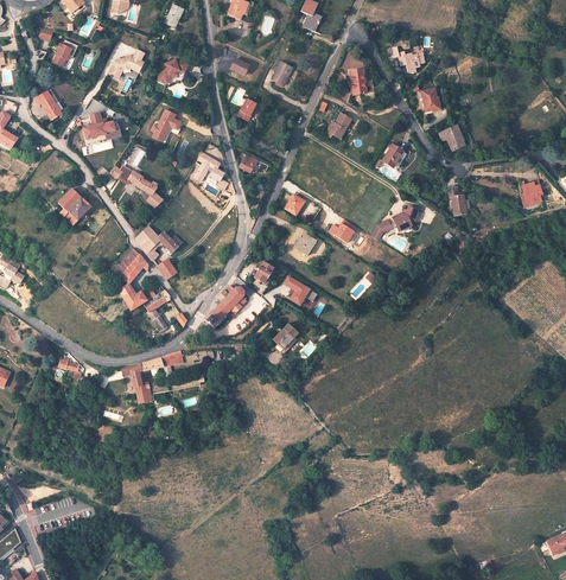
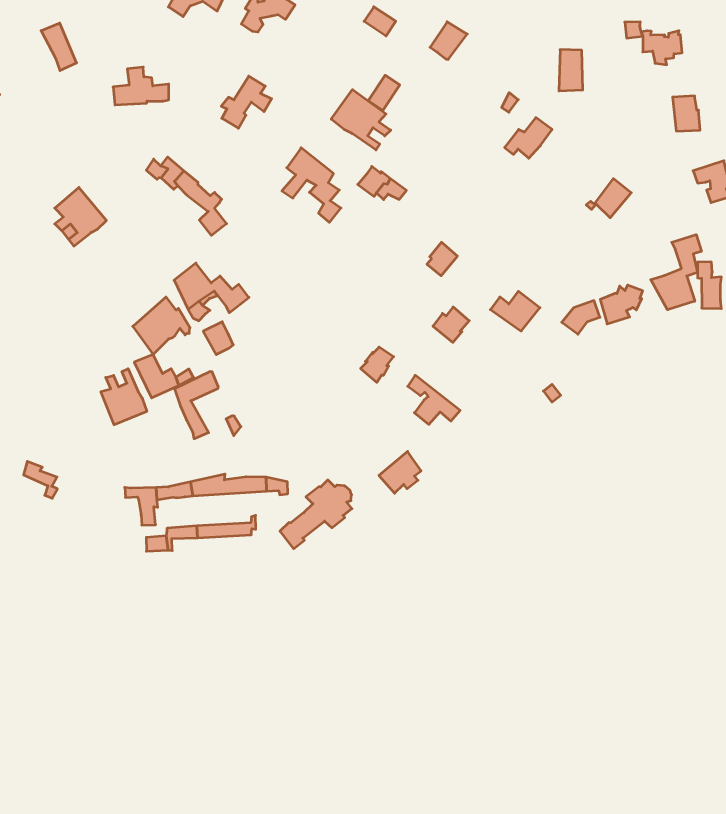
building: none -> [331,90,391,150]
building: none -> [651,235,701,310]
building: [204,285,246,329] -> [280,480,352,549]
building: none -> [101,369,147,425]

